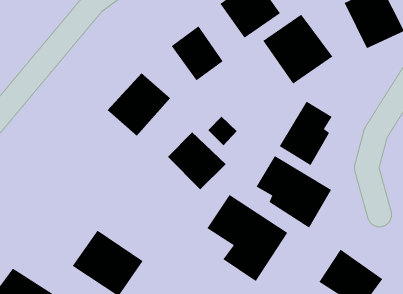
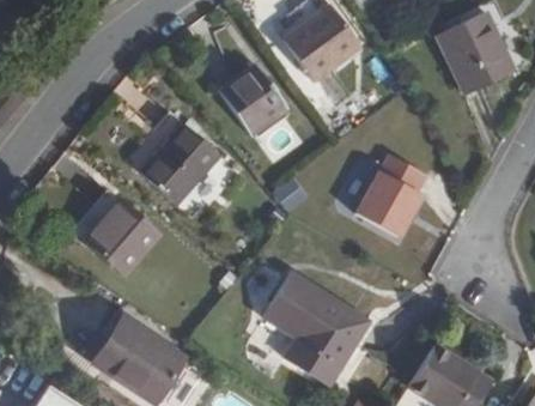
building: [263,14,333,85] -> none
building: [167,131,226,190] -> none
building: none -> [84,196,158,273]
building: [256,155,332,228] -> none

